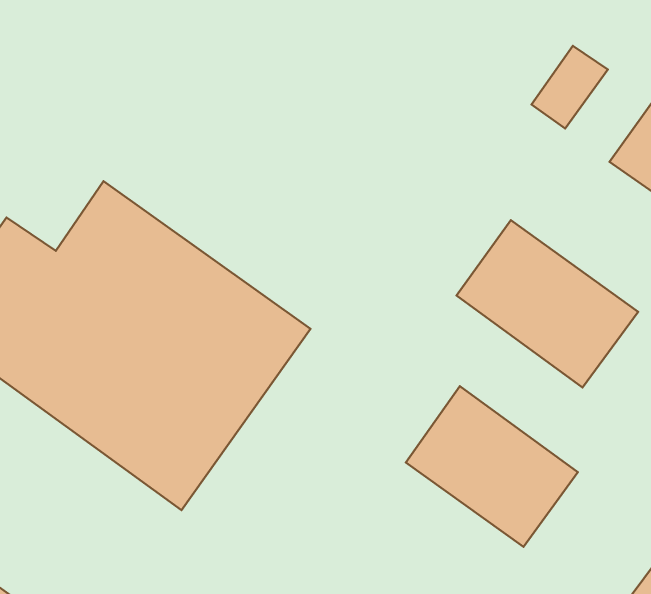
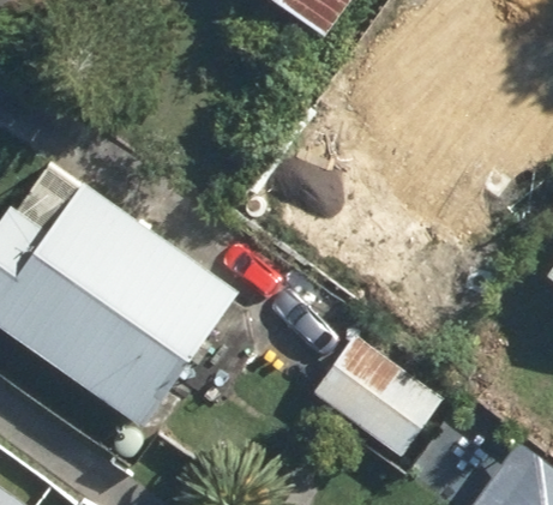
building: [456,220,638,387] -> none

